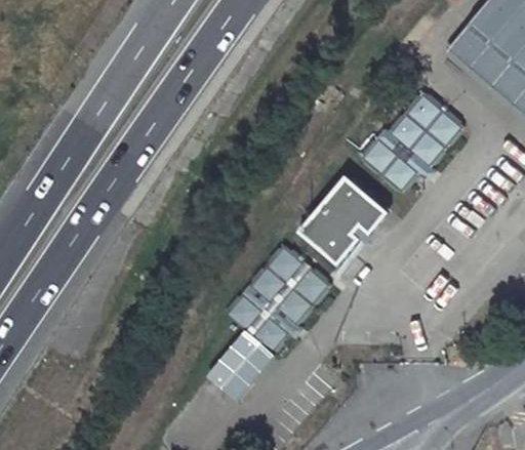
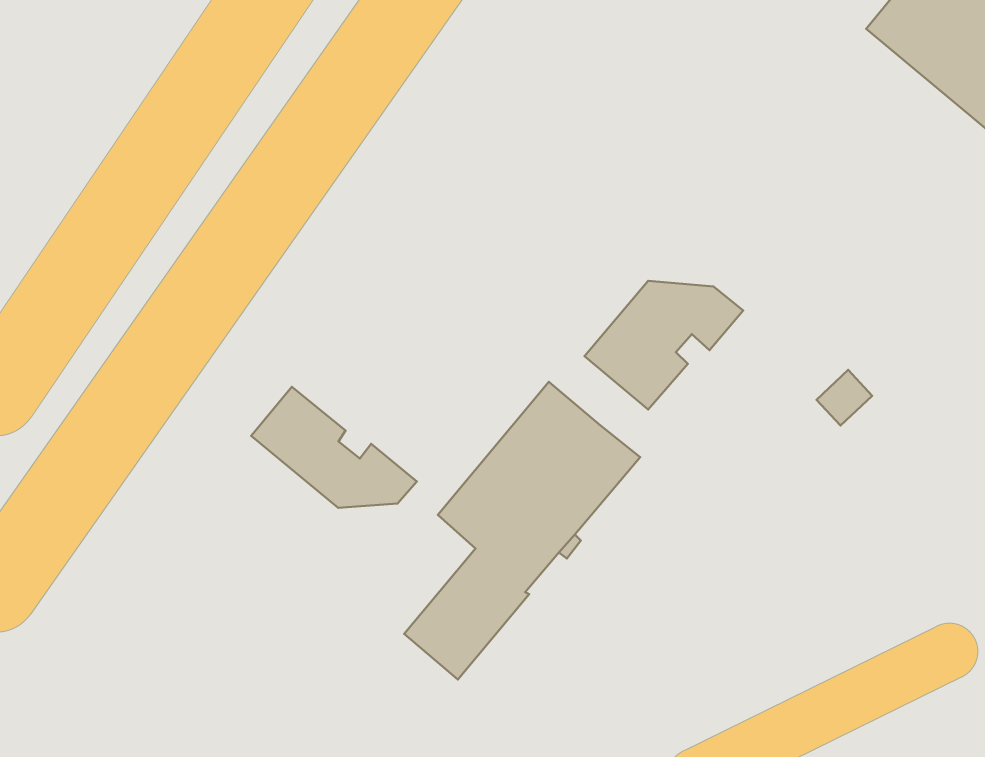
building: [366,95,470,189] -> none
building: none -> [251,387,417,508]

